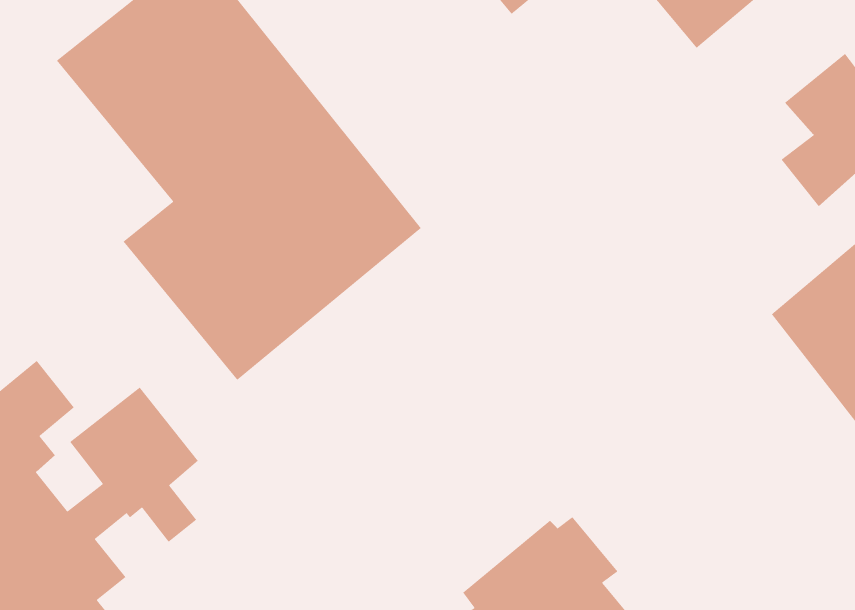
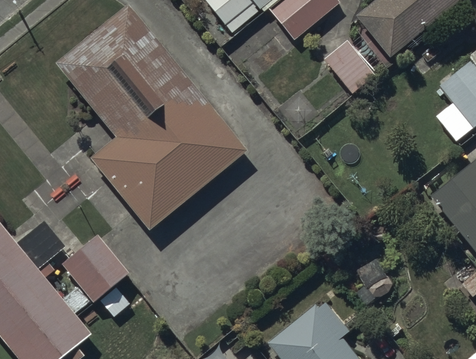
building: none -> [324,40,376,94]

